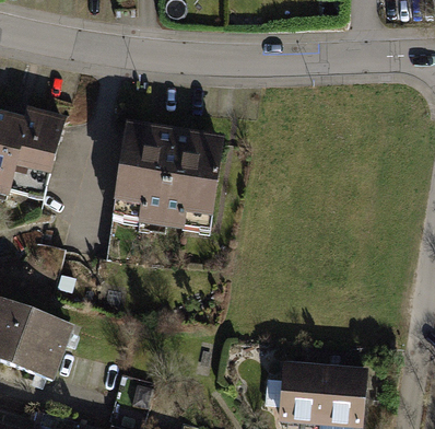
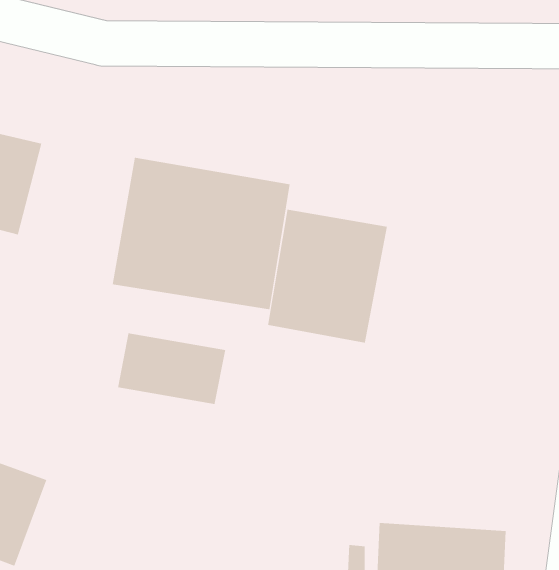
building: none -> [268,209,387,343]
building: none -> [117,333,226,405]

